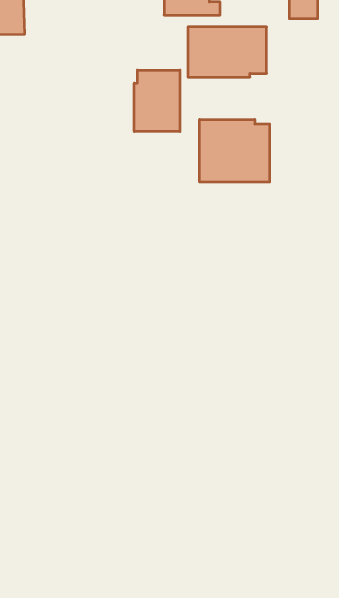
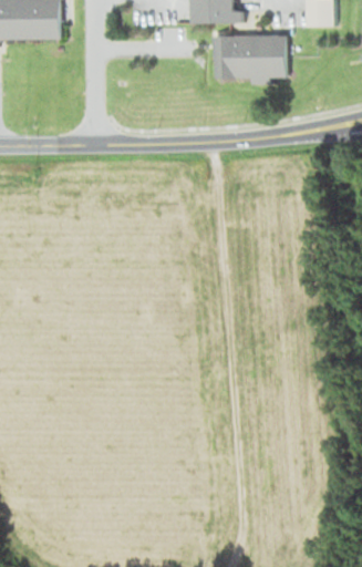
building: [134,70,180,132] -> none
building: [200,119,270,182] -> none

